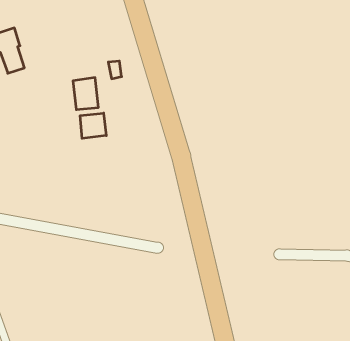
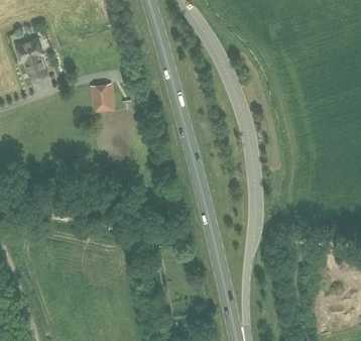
building: [80,113,106,138] -> none

